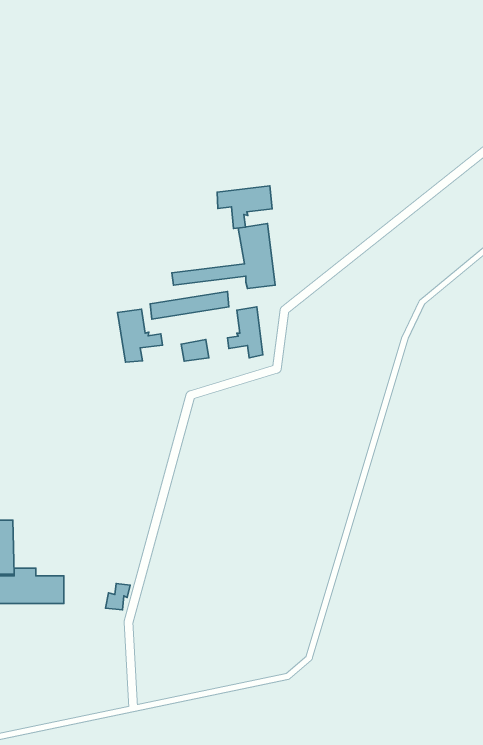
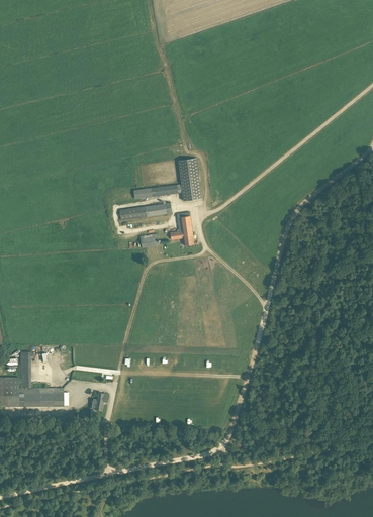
building: [217,186,272,228] -> none
building: [118,309,163,362] -> none

